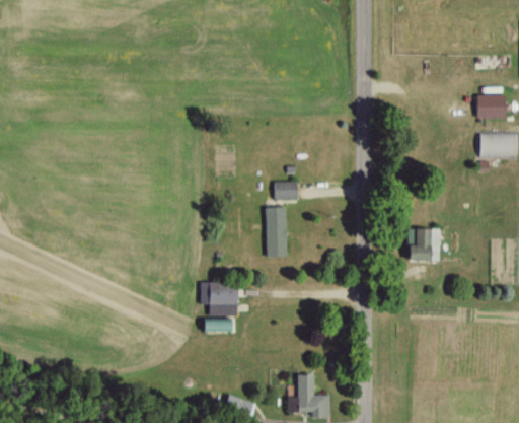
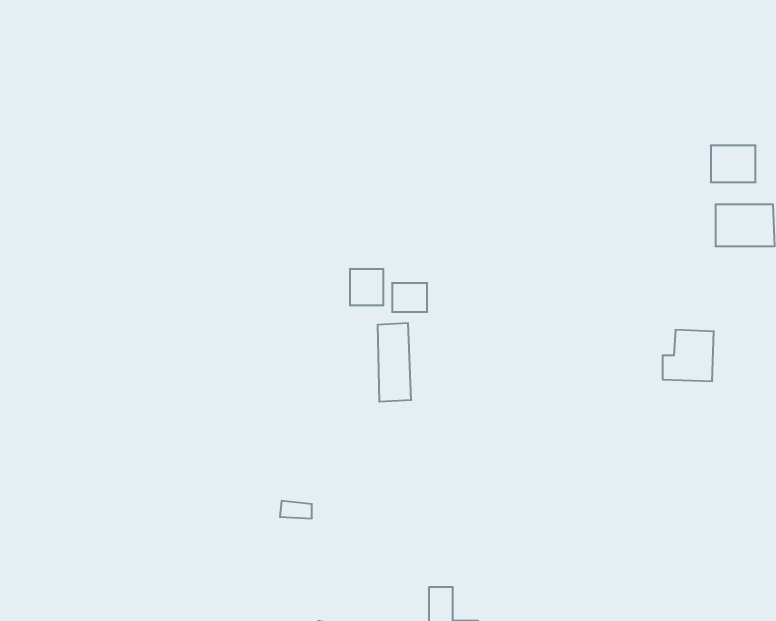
building: none -> [350,269,383,306]
building: [407,228,440,261] -> [663,330,714,381]
building: [201,283,237,316] -> none

